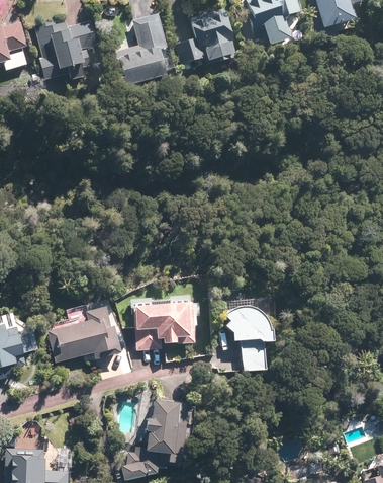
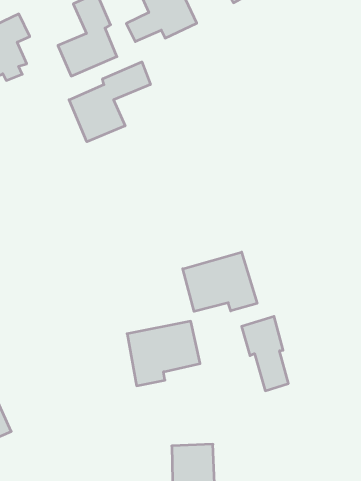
building: none -> [69,62,150,142]
building: none -> [183,252,257,311]
building: [54,309,120,360] -> none

